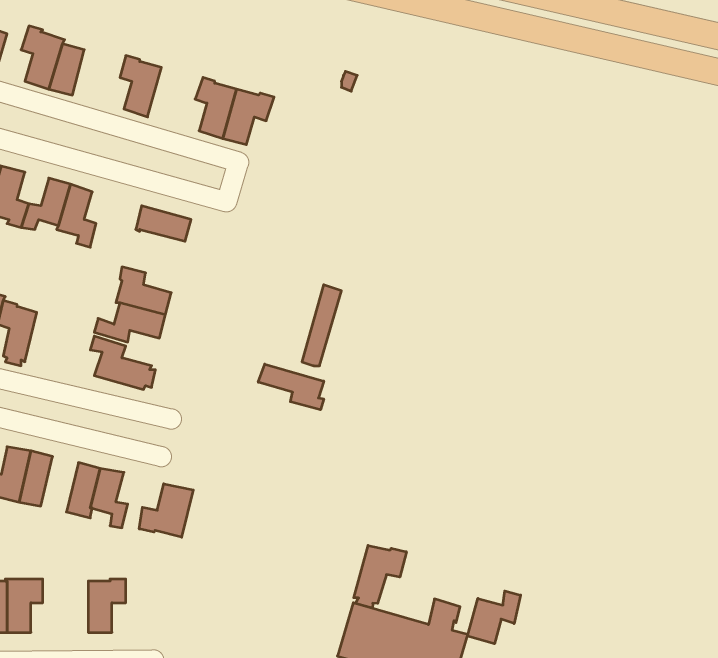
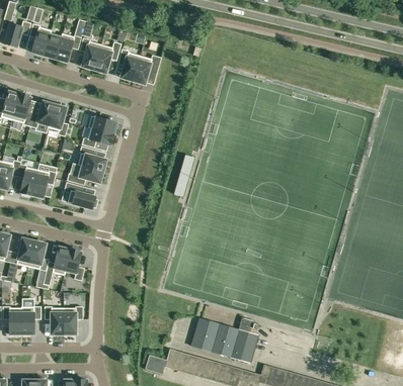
building: none -> [56,33,81,62]
building: none -> [94,41,120,73]
building: none -> [82,127,113,148]
building: none -> [31,170,56,197]
building: [258,364,324,410] -> none
building: [139,484,193,537] -> none
building: [354,545,406,608] -> none
building: none -> [45,306,64,333]
building: [468,591,521,644] -> none

